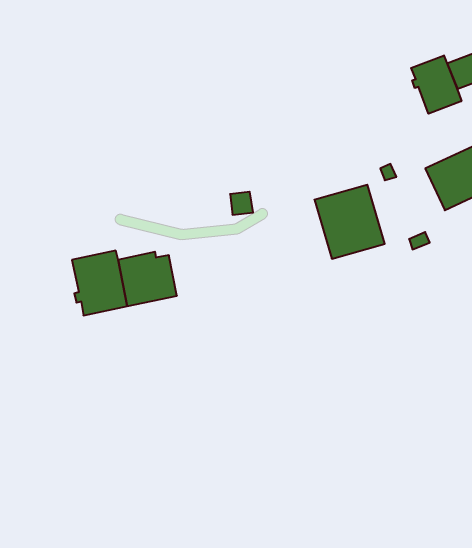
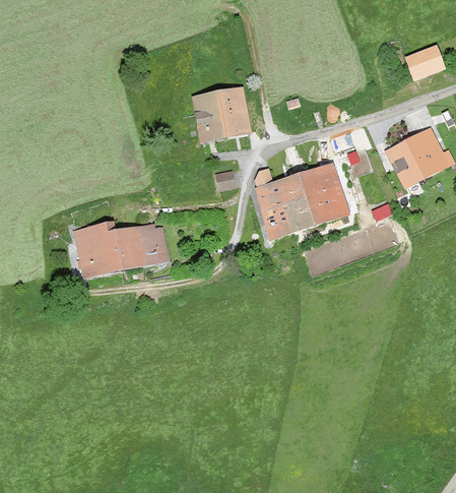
building: [411,55,461,114] -> none
building: none -> [192,87,248,140]
building: none -> [254,169,303,239]

